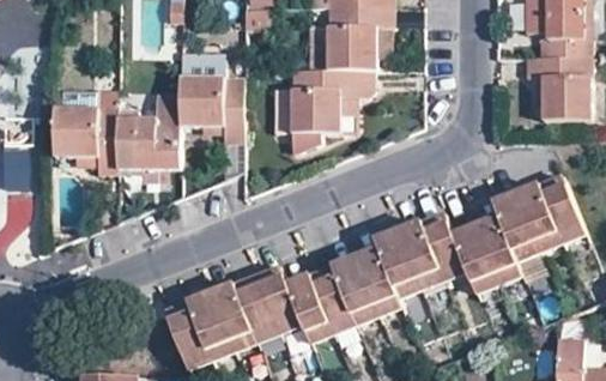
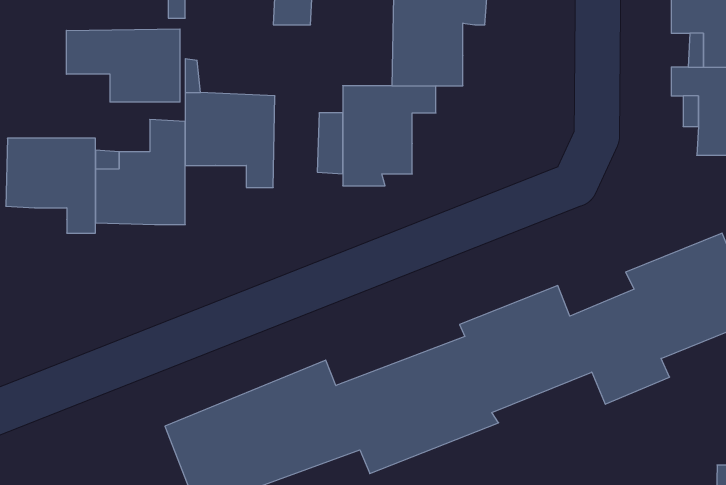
building: none -> [66,29,180,102]

